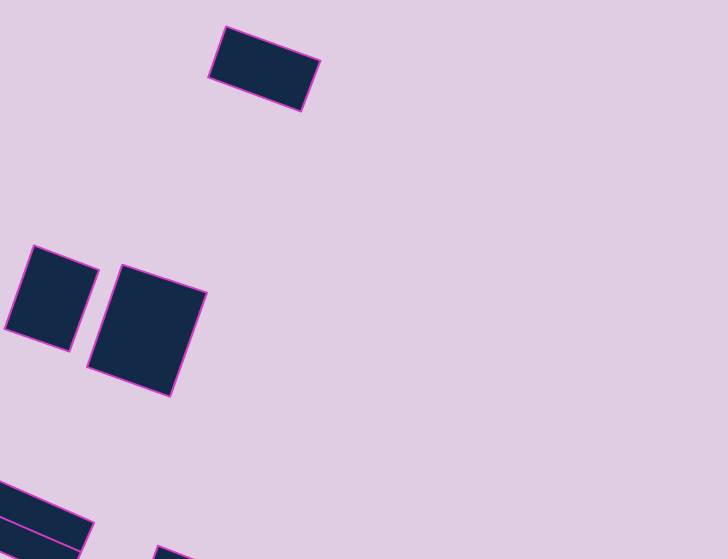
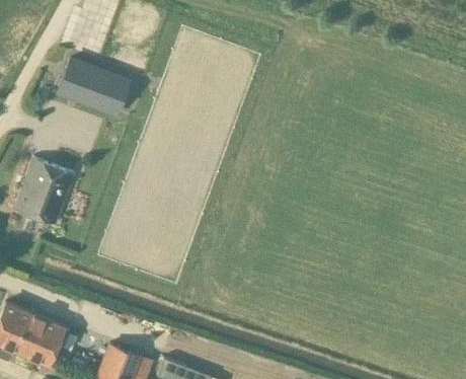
building: [208,27,321,112] -> [59,61,129,113]
building: [87,265,207,397] -> none

